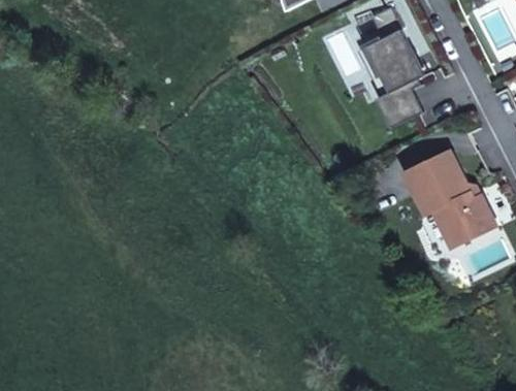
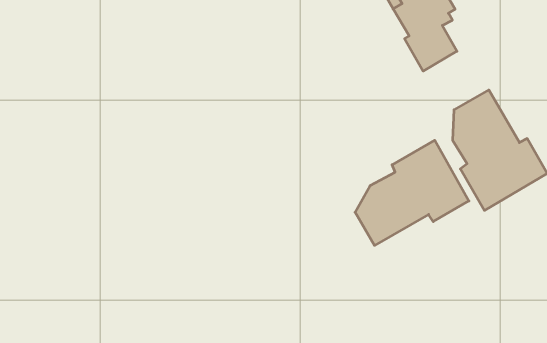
building: none -> [355,140,469,245]

